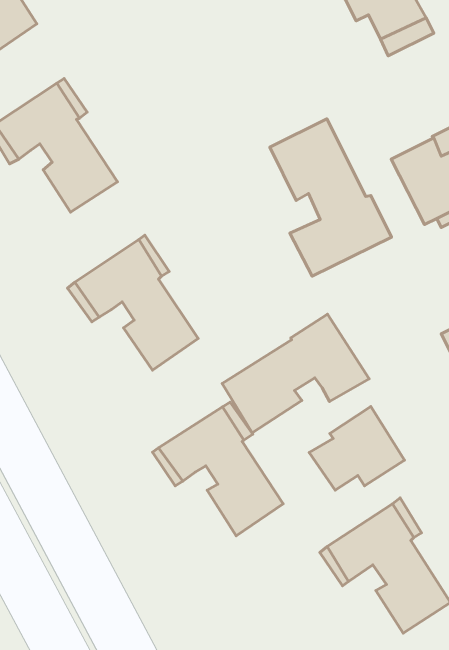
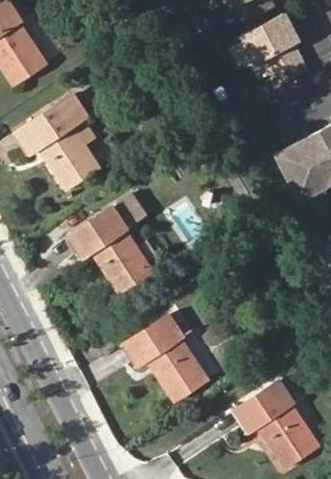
building: [270,119,392,276] -> none
building: [222,314,369,433] -> none
building: [309,406,405,490] -> none

